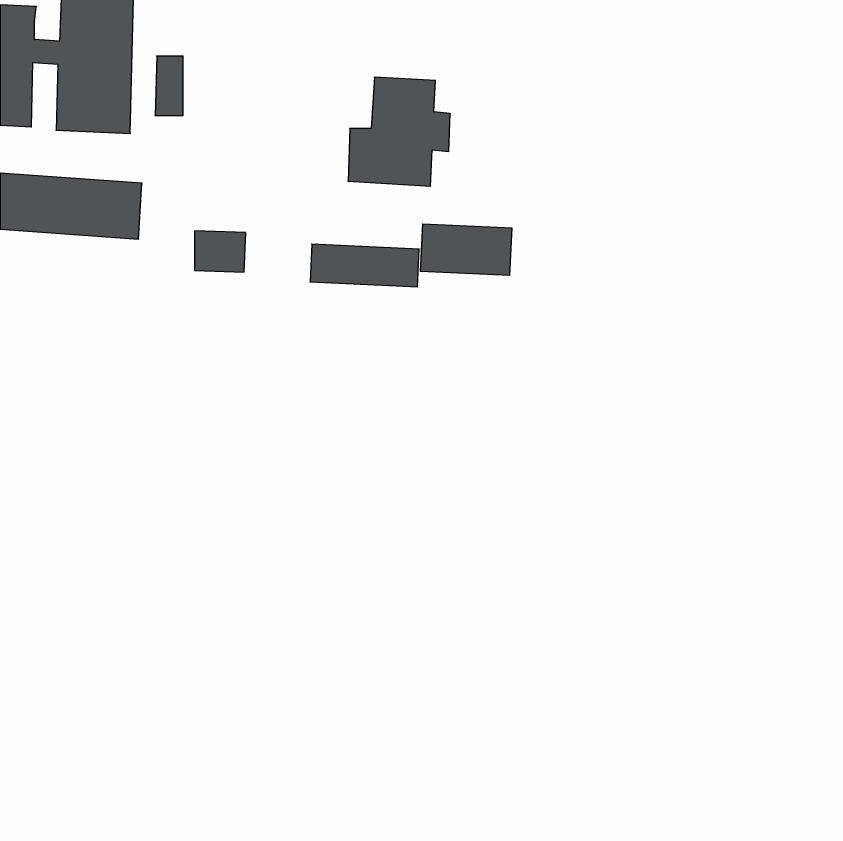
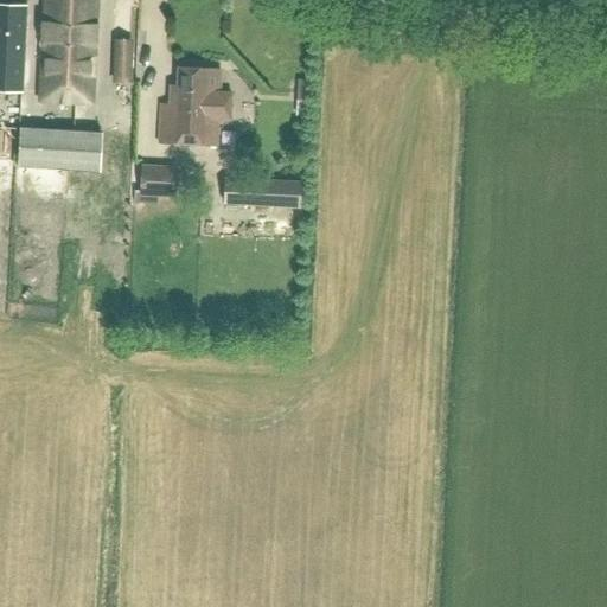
building: [348,77,450,186] -> [159,66,232,145]
building: [420,224,512,275] -> none

